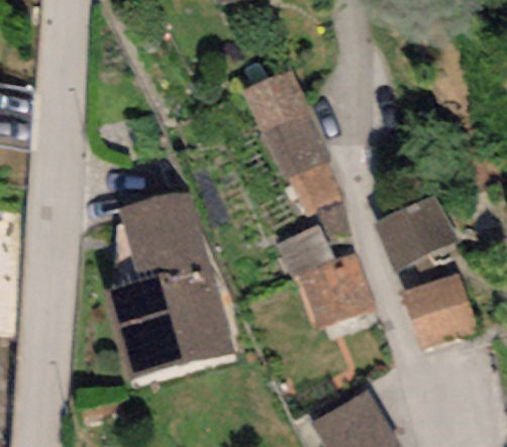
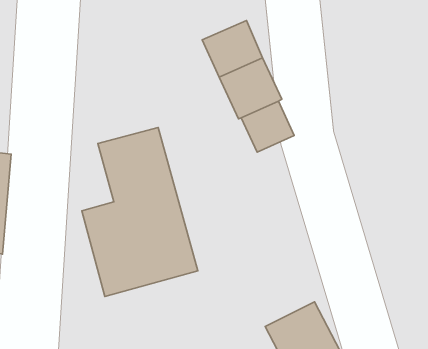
building: [376,195,459,269] -> none
building: [296,251,377,335] -> none
building: [404,273,477,348] -> none

